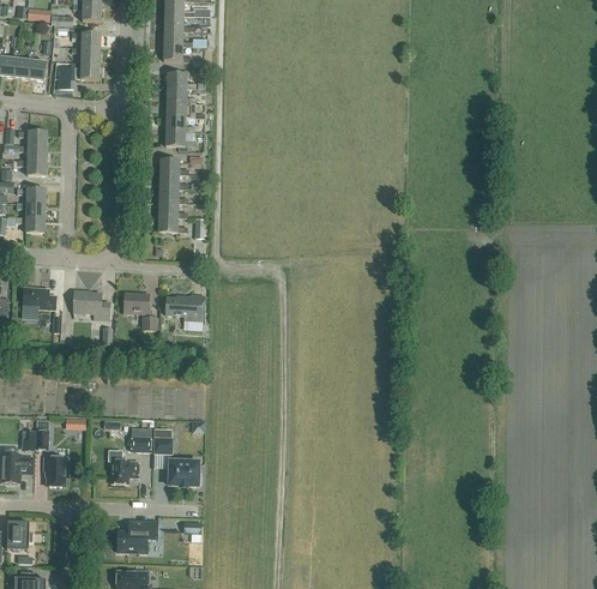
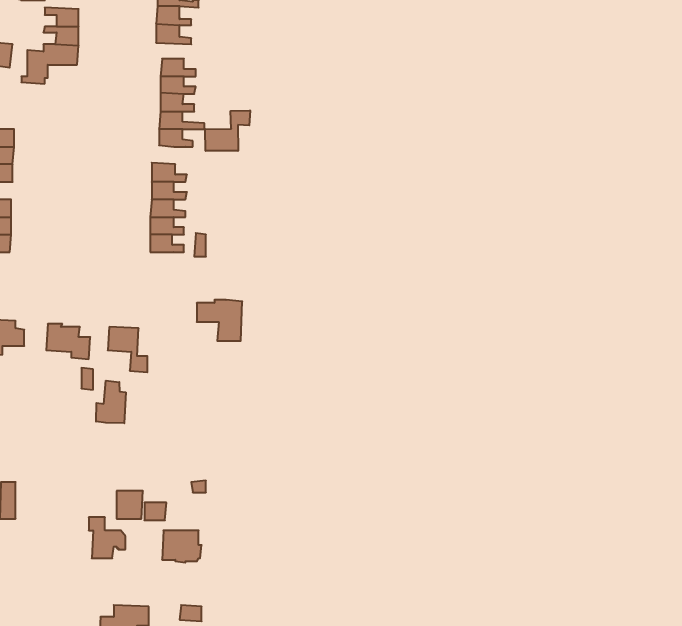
building: none -> [205,110,250,151]
building: [165,296,203,330] -> [197,300,242,341]
building: none -> [96,381,126,423]
building: [42,456,67,485] -> none

